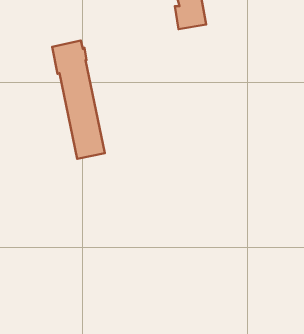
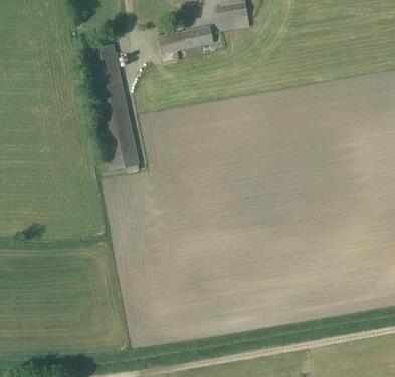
building: none -> [158,26,213,54]

